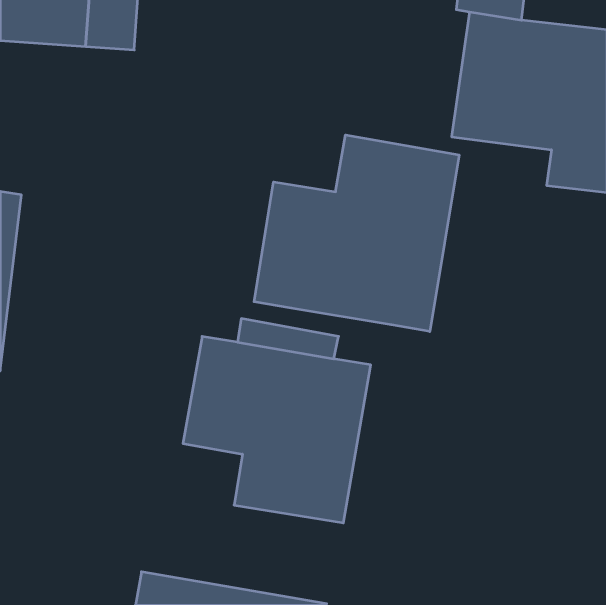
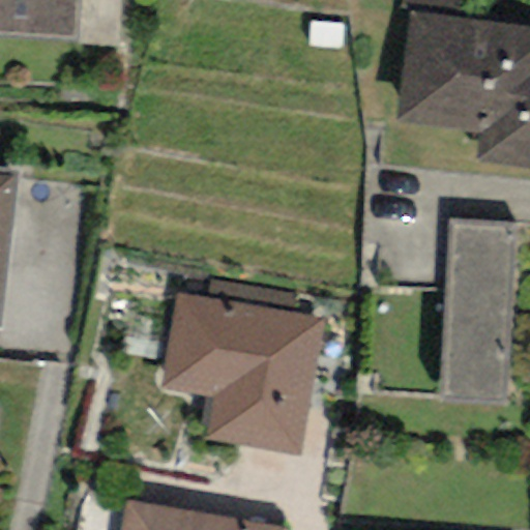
building: [254,135,459,332] -> none
building: none -> [439,217,518,402]

